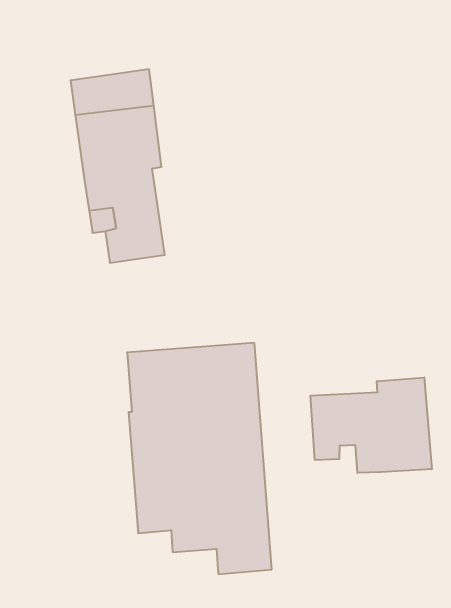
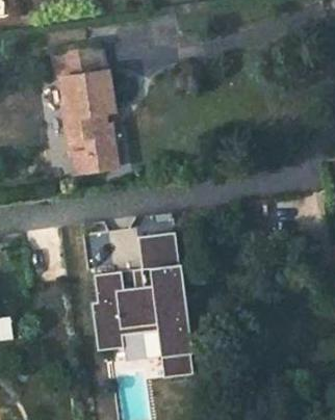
building: [311,377,432,473] -> none

